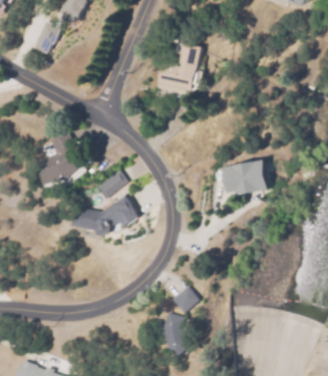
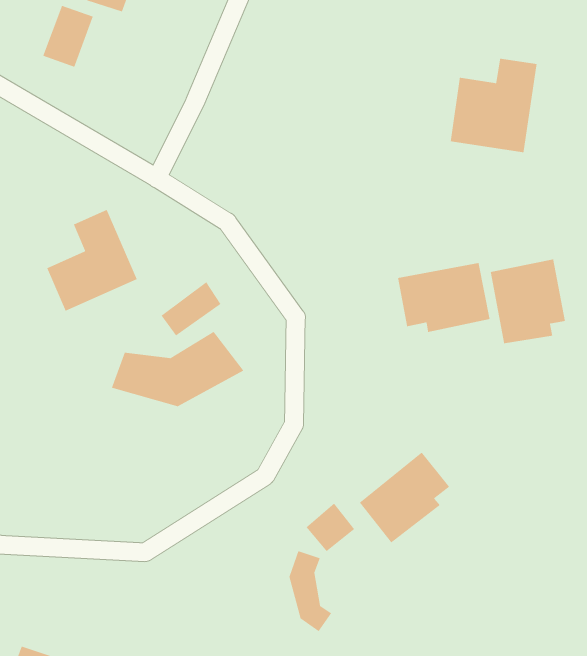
building: [153,43,200,93] -> [450,58,538,153]
building: none -> [490,259,566,344]
building: none -> [359,451,450,544]

